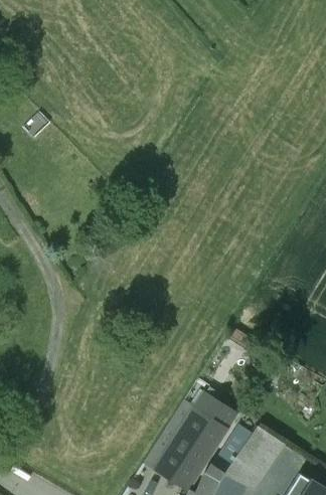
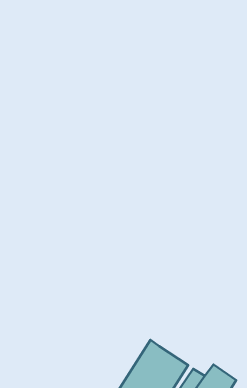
building: [196,391,239,429] -> none

